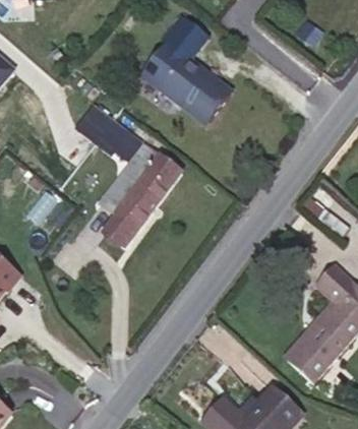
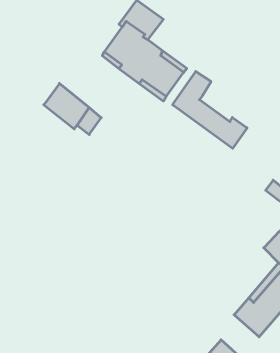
building: none -> [173,71,247,148]
building: [99,143,180,247] -> none

